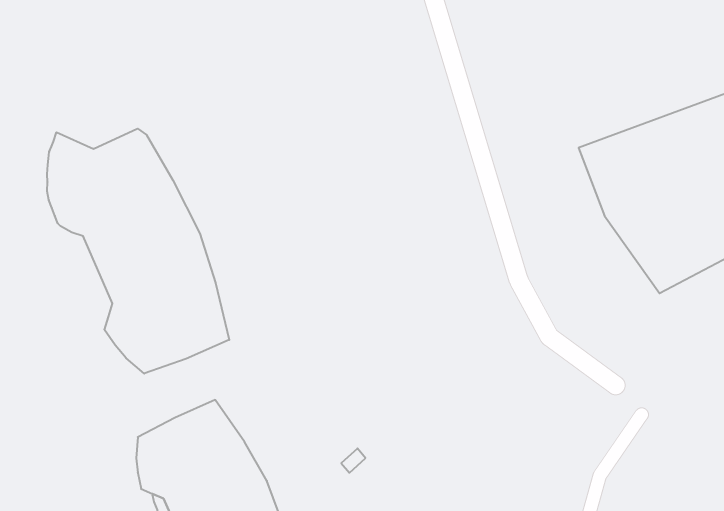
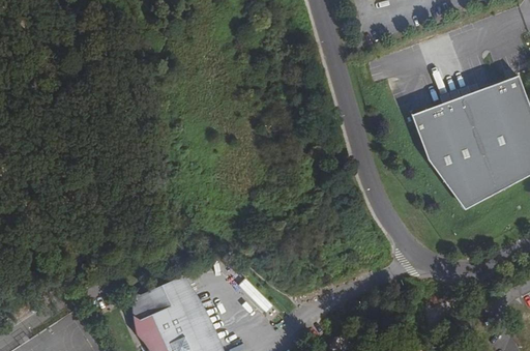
building: [47,129,229,374] -> none

